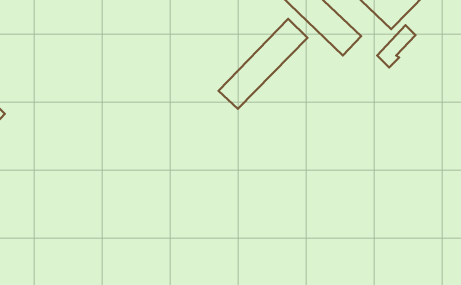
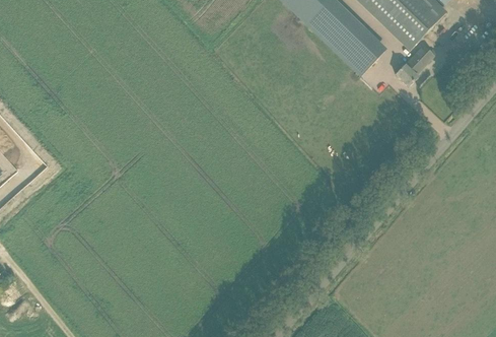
building: [218,19,307,109] -> none

